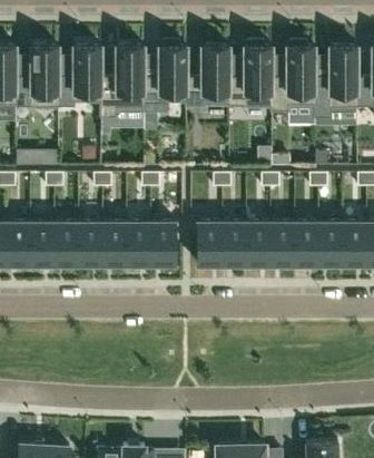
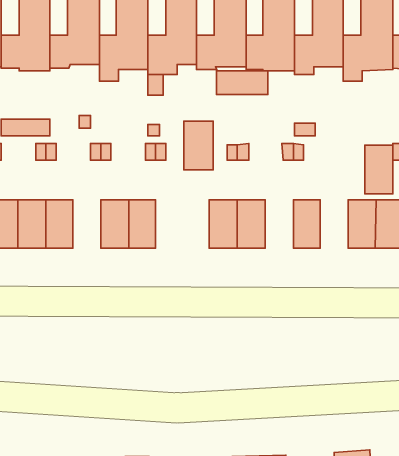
building: none -> [217,71,268,95]
building: [78,221,102,263] -> none
building: [150,221,176,263] -> [184,121,213,170]
building: [246,221,270,263] -> none
building: [294,221,318,263] -> [365,145,393,194]

